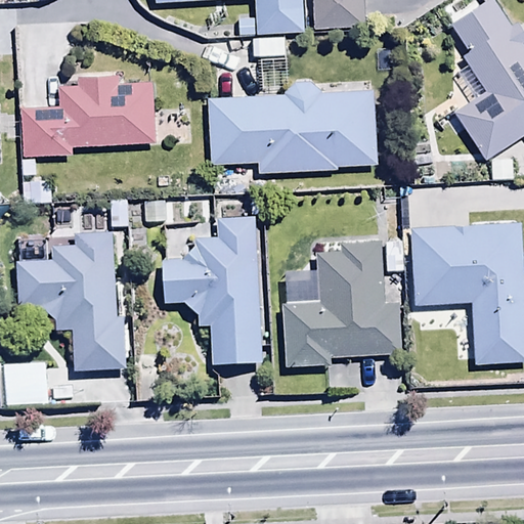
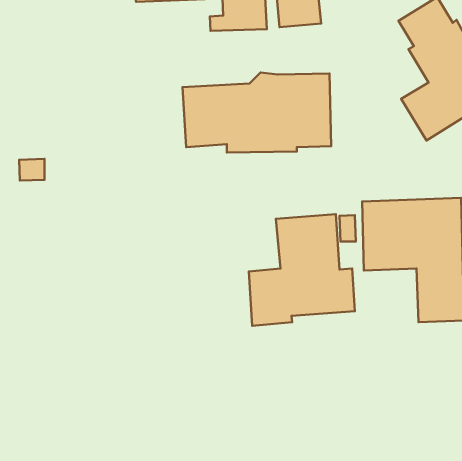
building: [24,73,158,156] -> none
building: [165,217,263,365] -> none
building: [18,230,127,369] -> none

